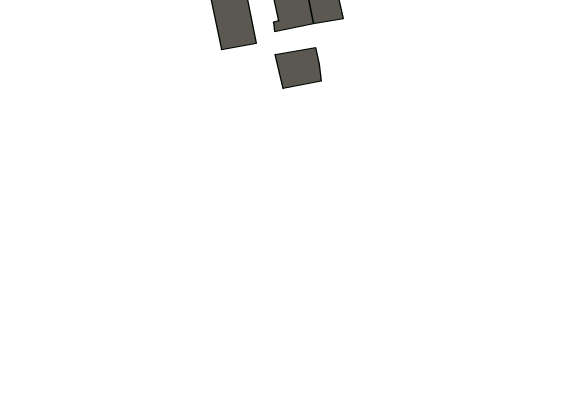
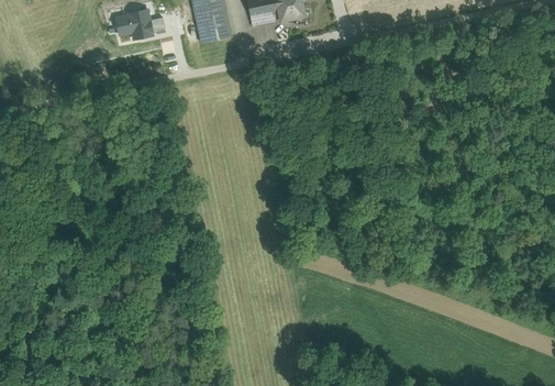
building: none -> [109,5,153,40]
building: [275,48,321,89] -> none

